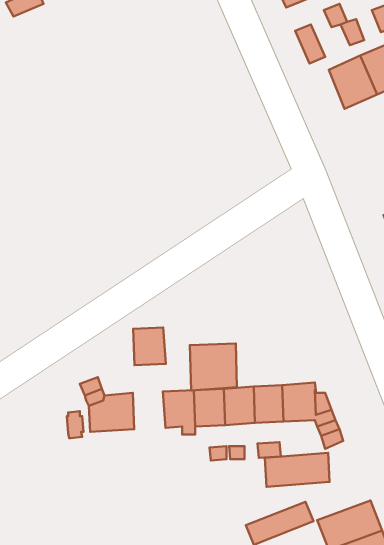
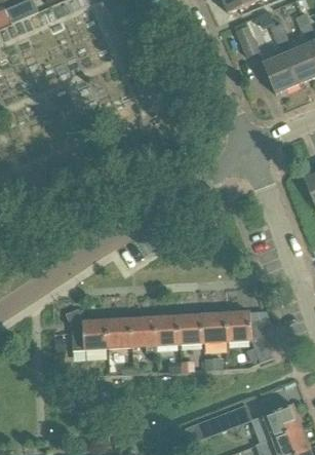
building: [133,327,166,365] -> [107,317,132,347]
building: [190,344,237,390] -> none
building: [265,453,330,487] -> none

